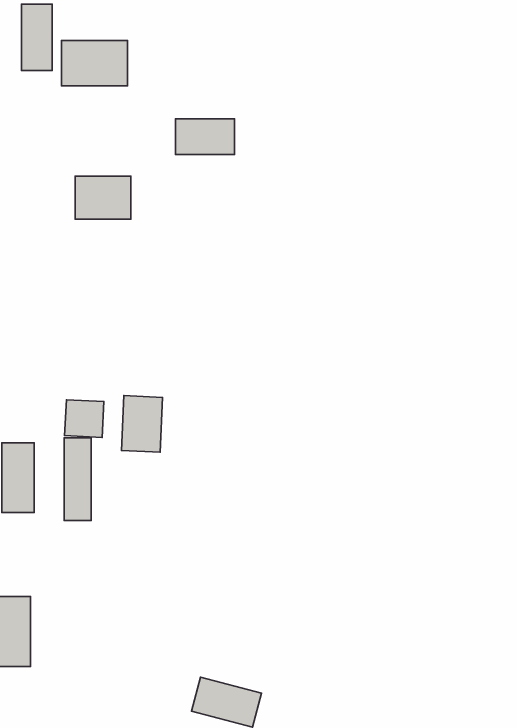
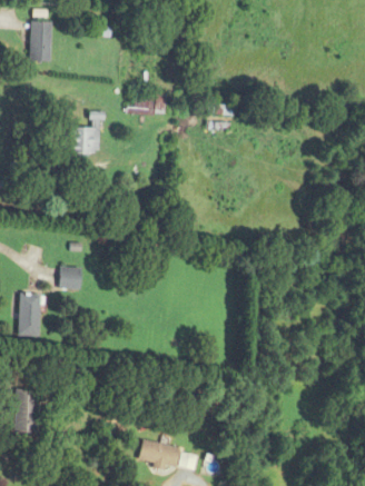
building: [61,41,127,86] -> none
building: [121,396,163,452] -> none
building: [64,438,91,520] -> none

